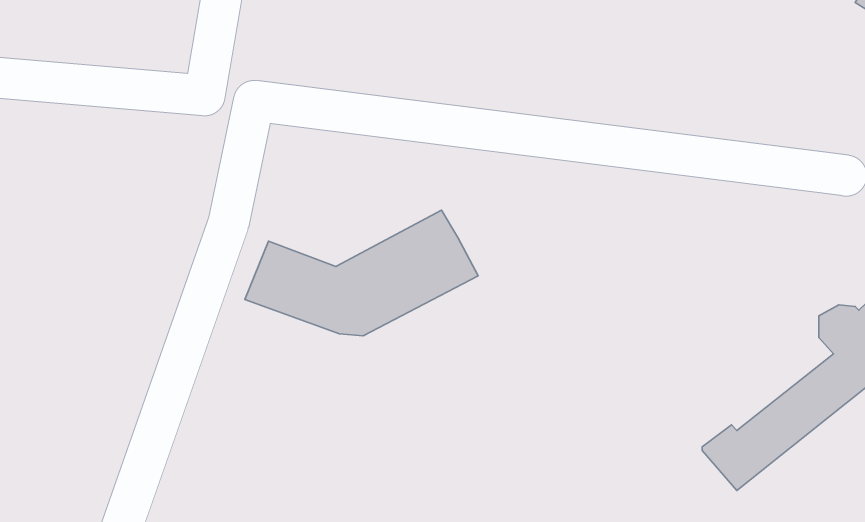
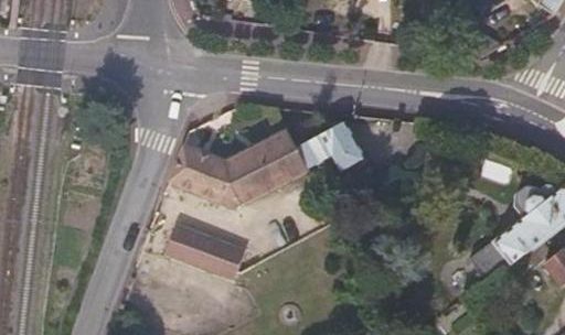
building: none -> [297,119,366,173]
building: none -> [164,229,245,284]

